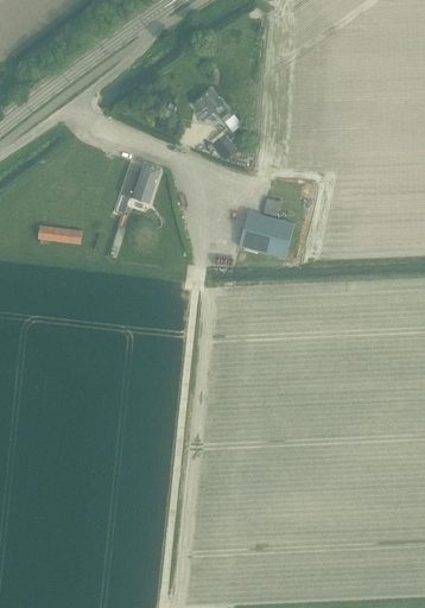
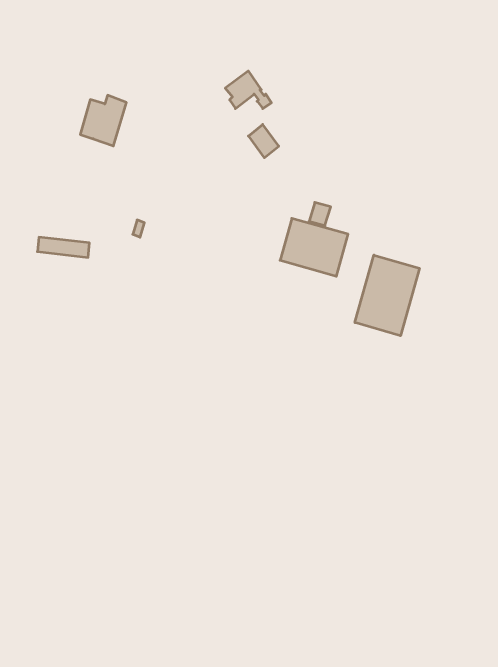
building: [122,162,160,203] -> [80,95,126,146]
building: none -> [355,255,419,336]

